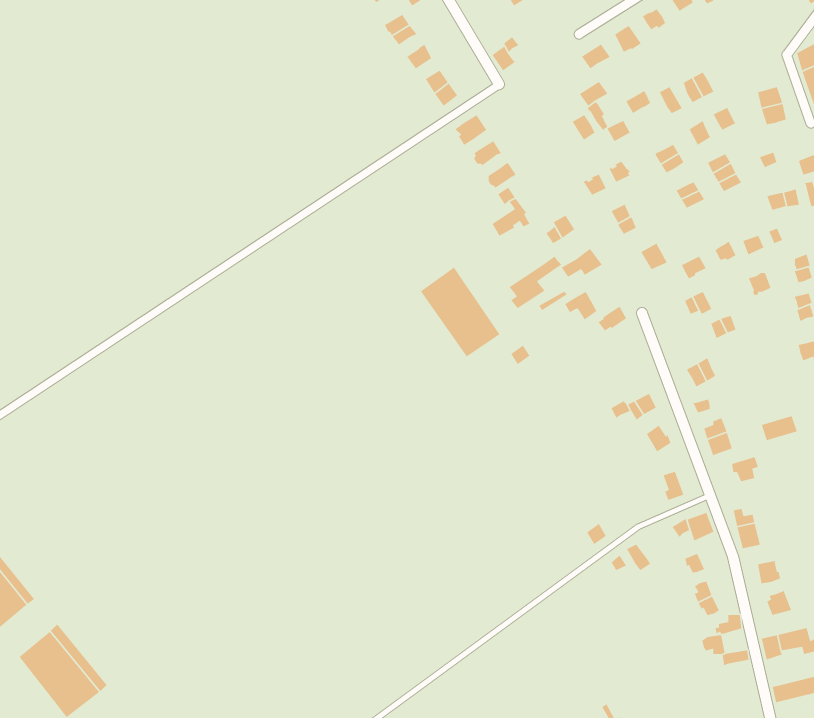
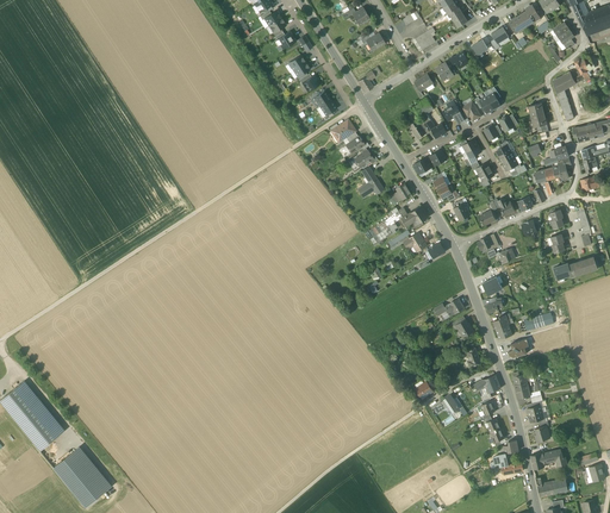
building: [420,266,500,357] -> none

